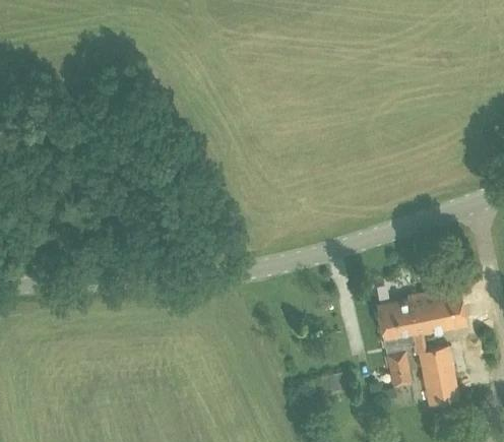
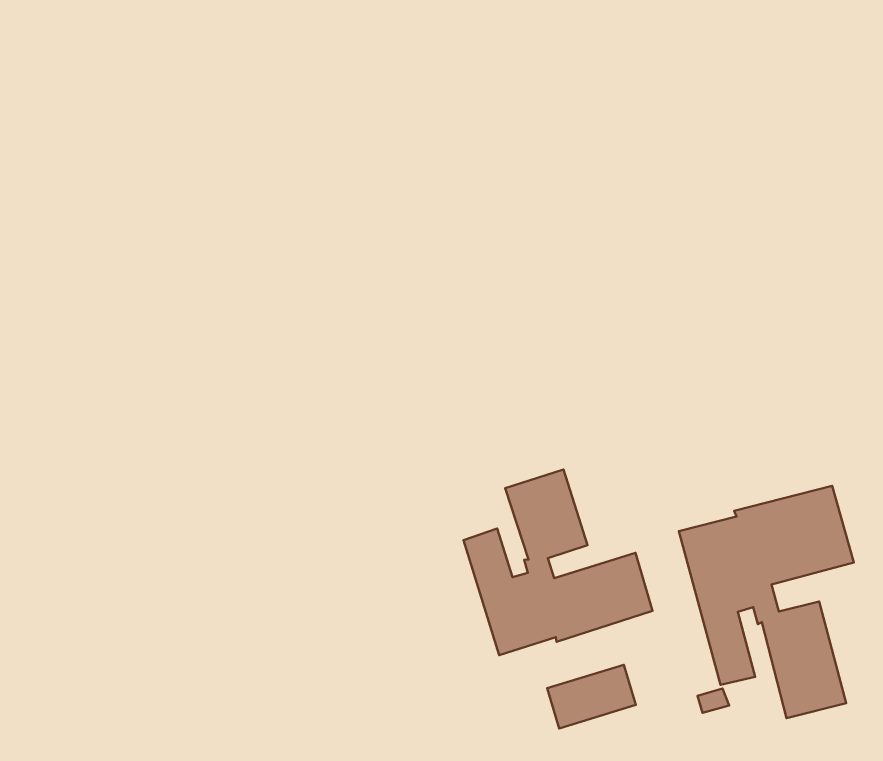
building: none -> [464,469,652,655]

